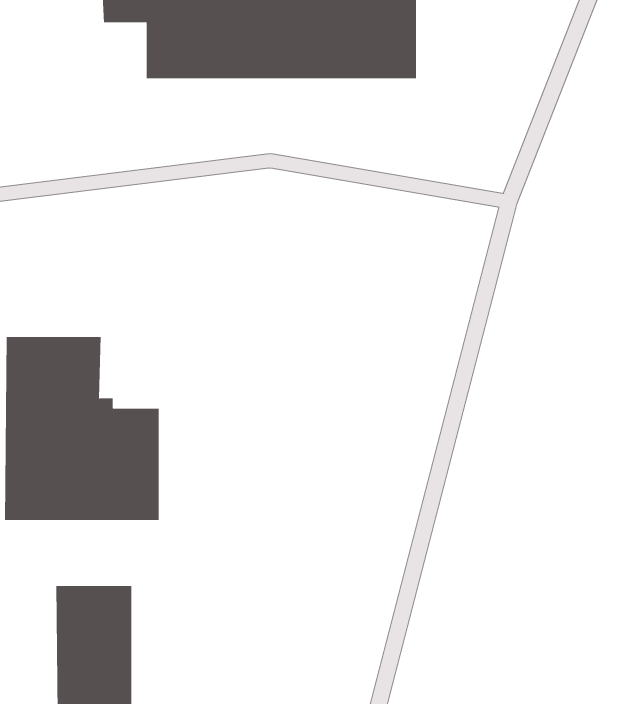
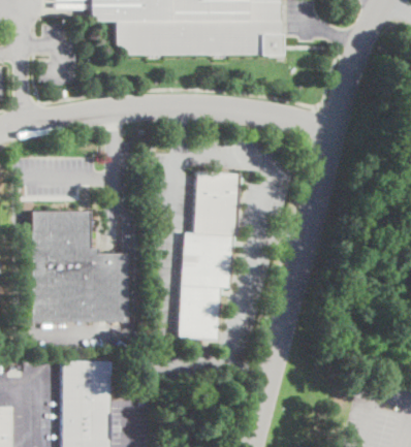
building: none -> [178,171,240,340]

